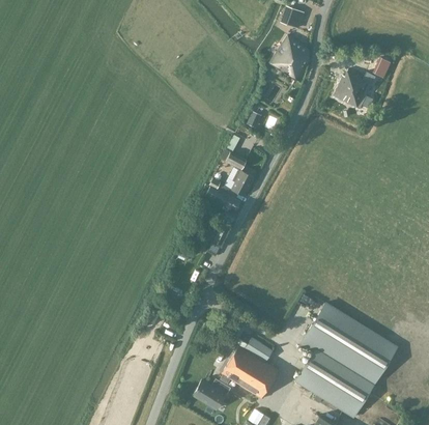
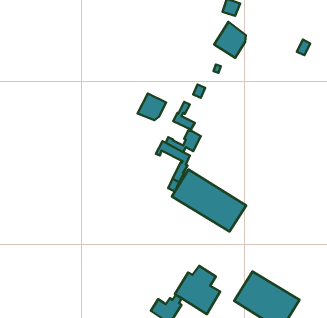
building: [334,69,375,108] -> none
building: none -> [138,94,166,120]
building: [305,304,397,380] -> [172,170,246,231]

